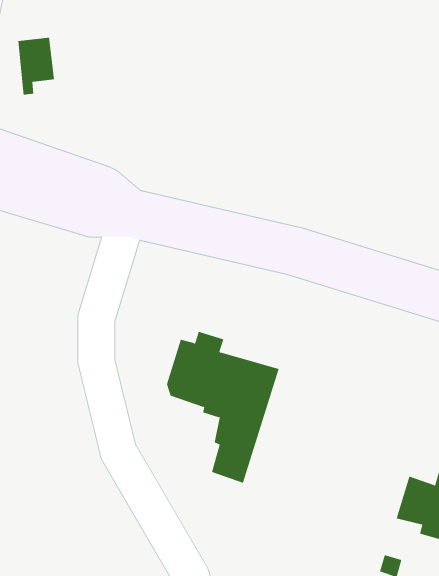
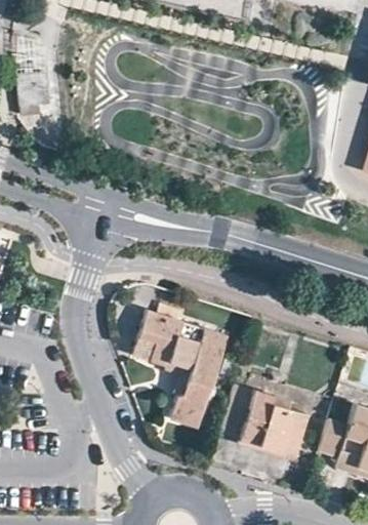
building: none -> [222,382,308,453]

